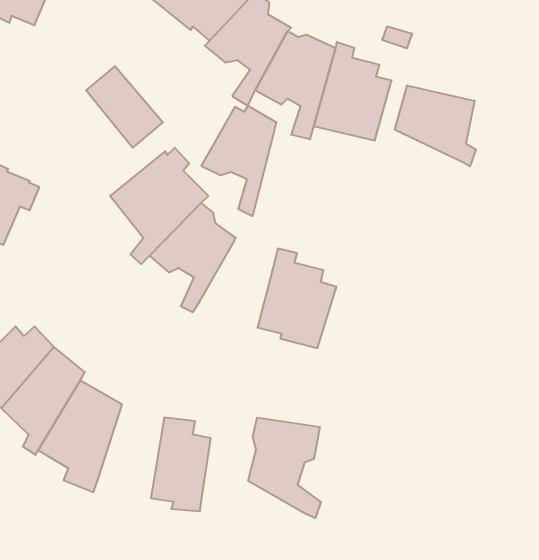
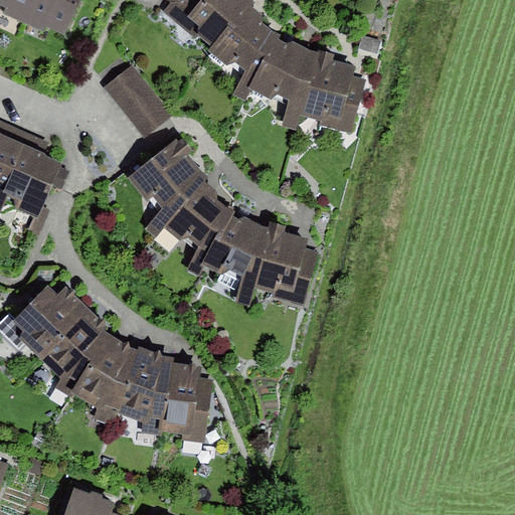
building: [395,85,476,166] -> none
building: [201,106,277,216] -> [203,214,267,307]
building: none -> [118,346,174,434]
building: [248,418,321,518] -> none

